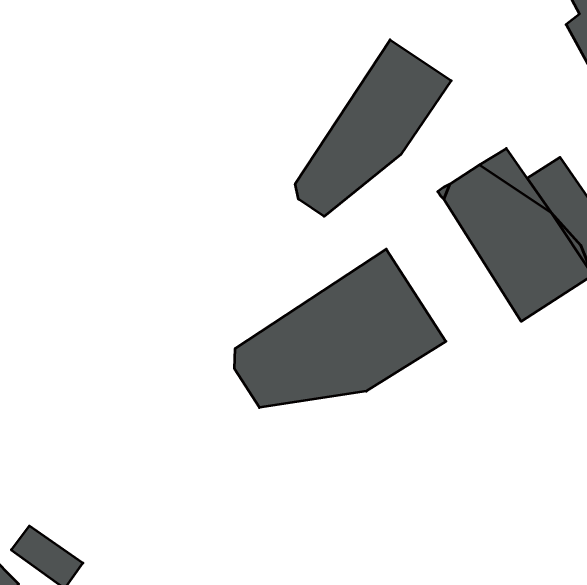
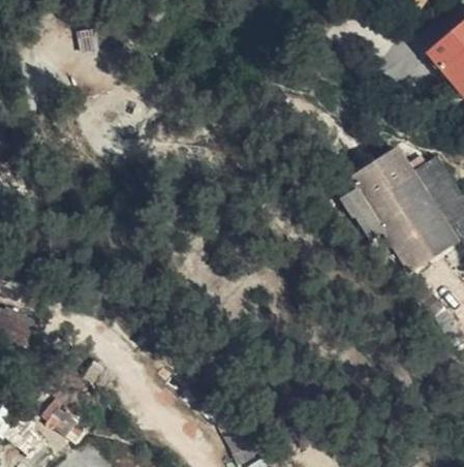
building: [295,40,451,216] -> none
building: [235,249,446,408] -> none

